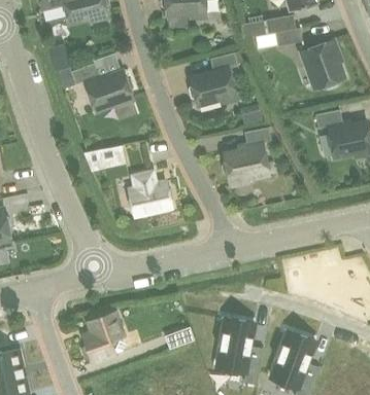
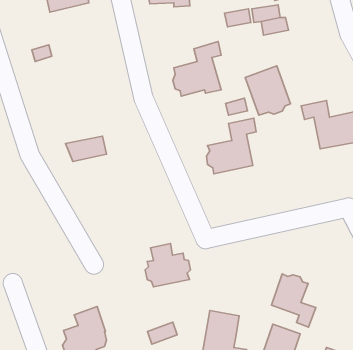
building: [299,40,343,88] -> [245,66,291,115]
building: [70,63,137,119] -> none
building: [127,172,171,214] -> [145,244,190,287]
building: none -> [271,274,316,327]

